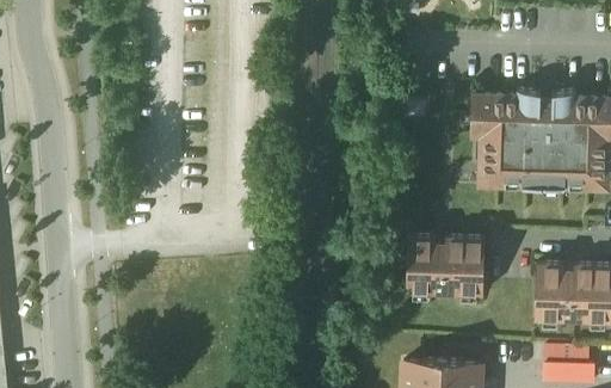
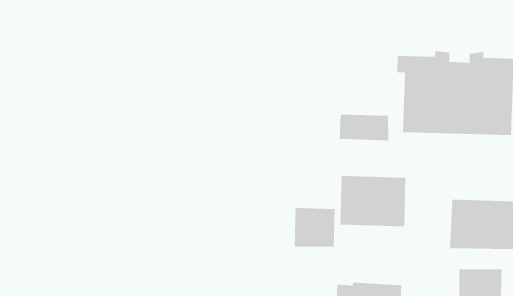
building: none -> [339,114,389,141]
building: none -> [294,207,335,247]

